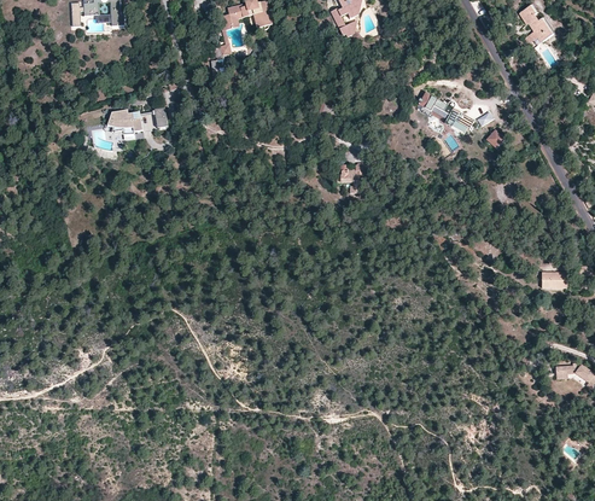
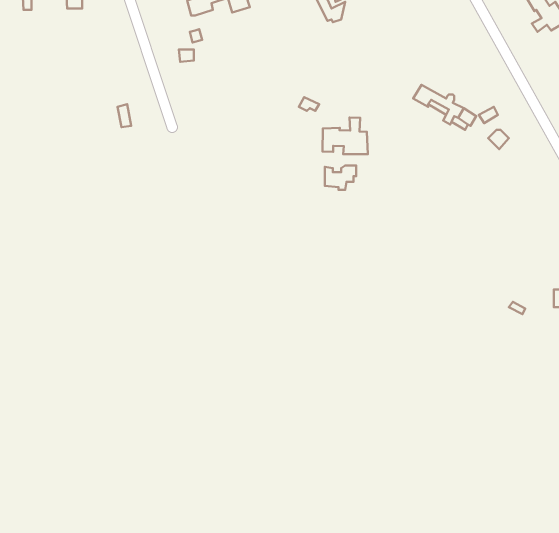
building: [107,112,142,134] -> none
building: none -> [323,118,368,154]

